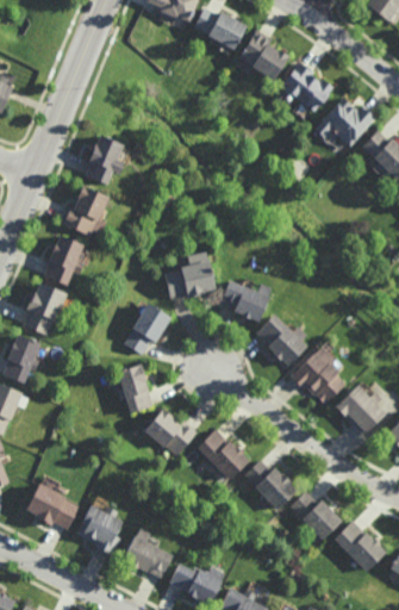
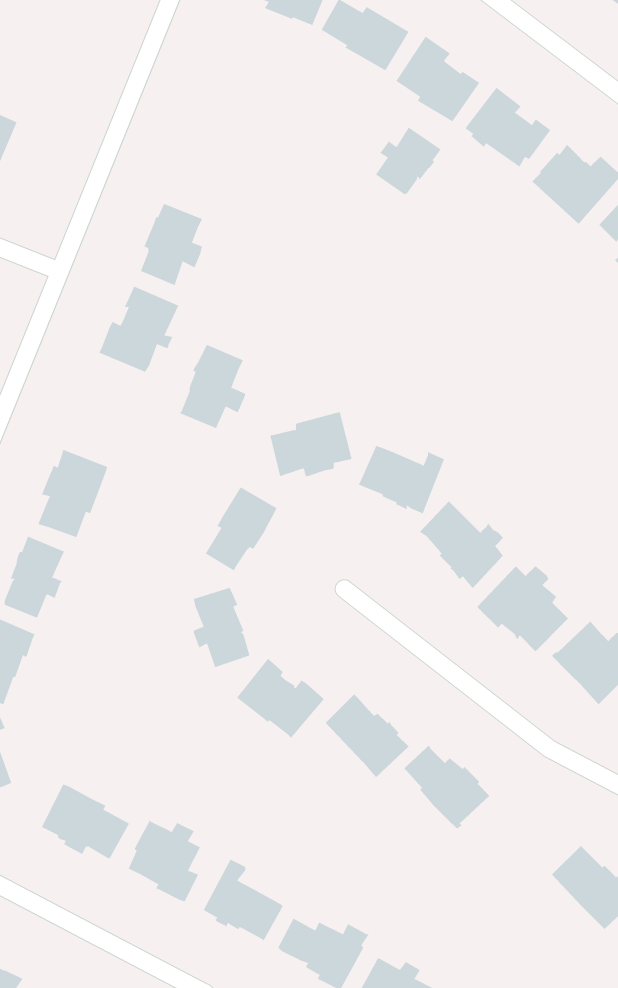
building: none -> [375,127,442,195]
building: [44,234,85,285] -> [179,344,246,429]
building: [291,491,342,541] -> none

